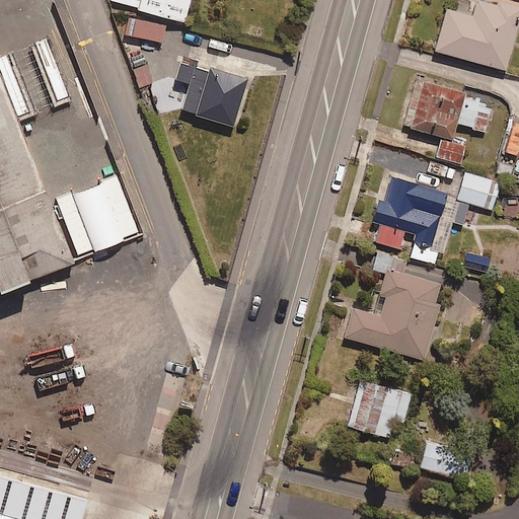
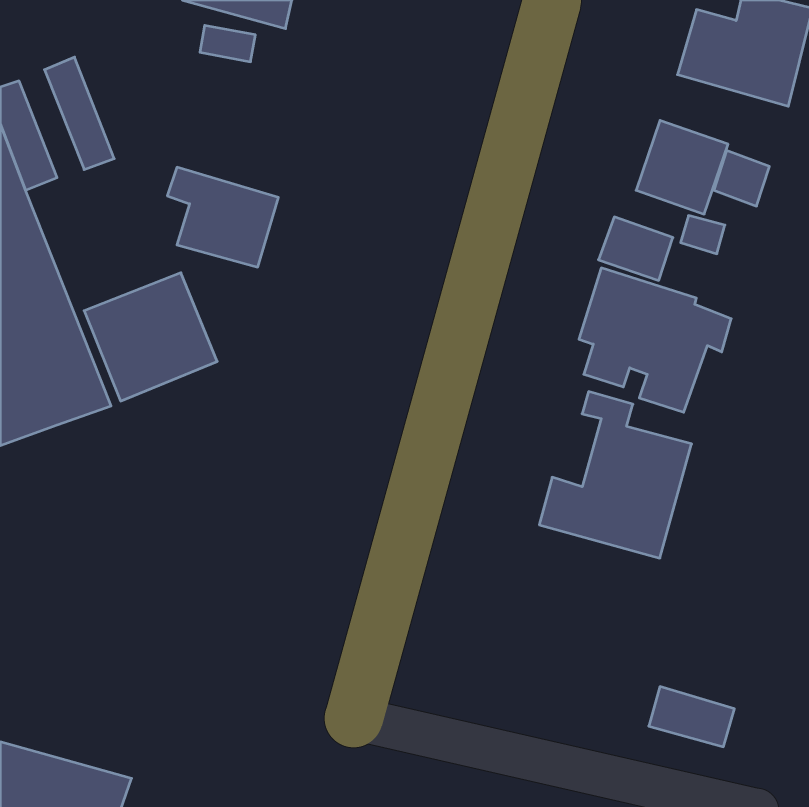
building: [174,61,245,125] -> [167,167,278,267]
building: [453,171,501,212] -> [598,217,673,280]
building: [346,380,411,436] -> none

